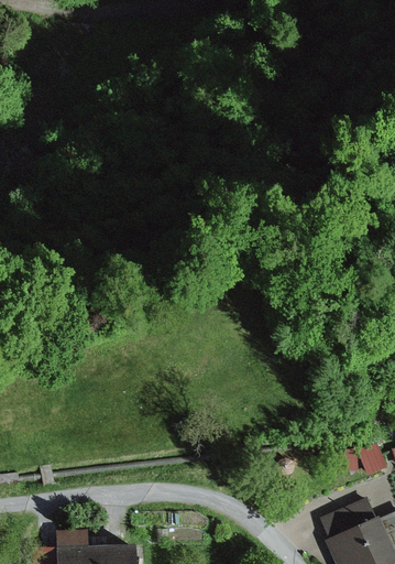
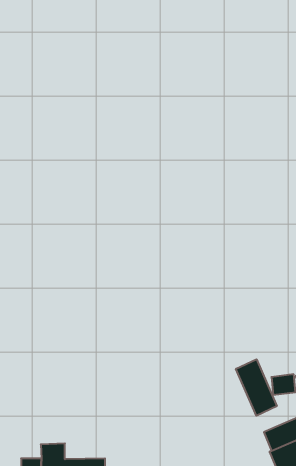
building: none -> [236,359,277,416]

